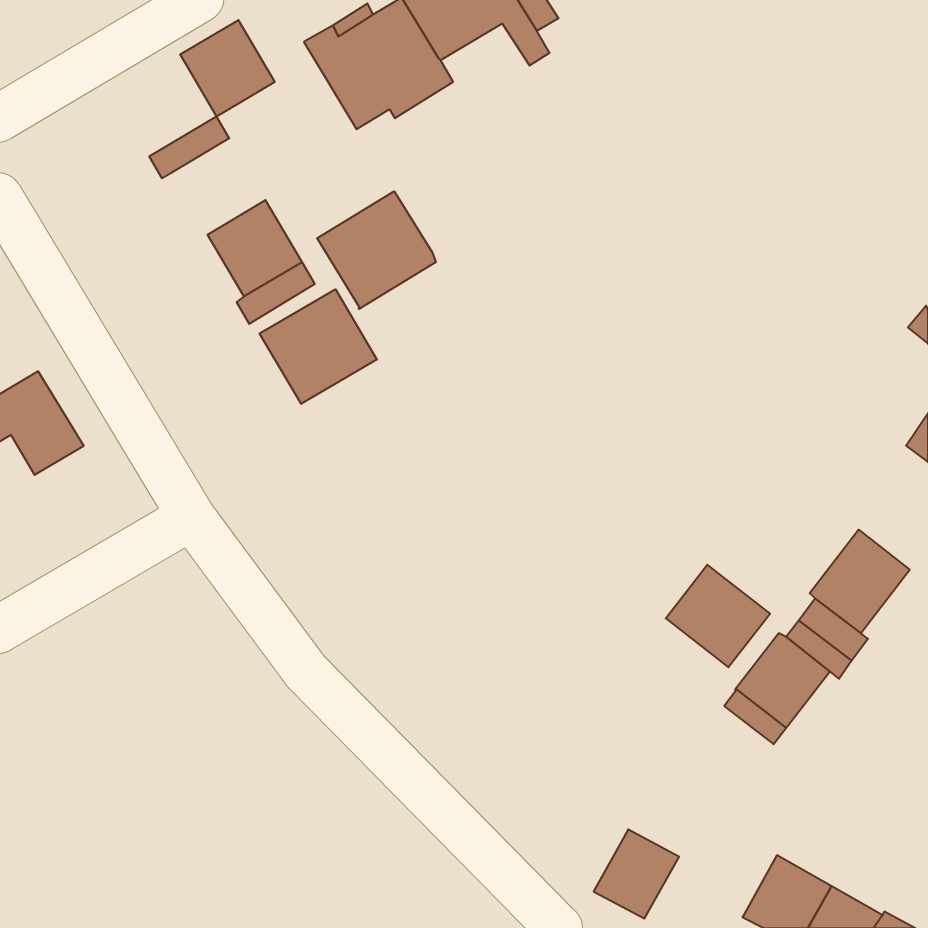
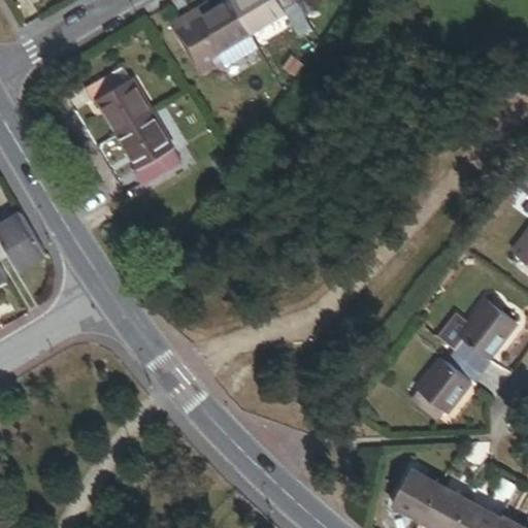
building: [180,20,275,116] -> [97,78,151,133]
building: [317,191,436,309] -> none
building: [260,289,377,404] -> none
building: [666,565,770,667] -> none
building: [594,829,679,919] -> [392,469,440,520]

